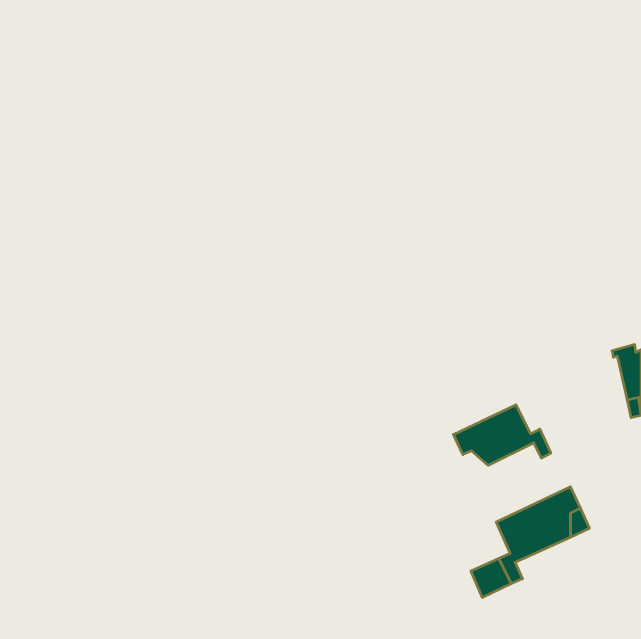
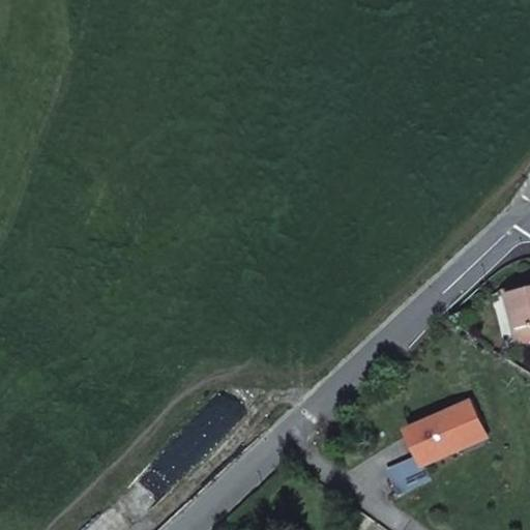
building: [453,405,551,465] -> none

